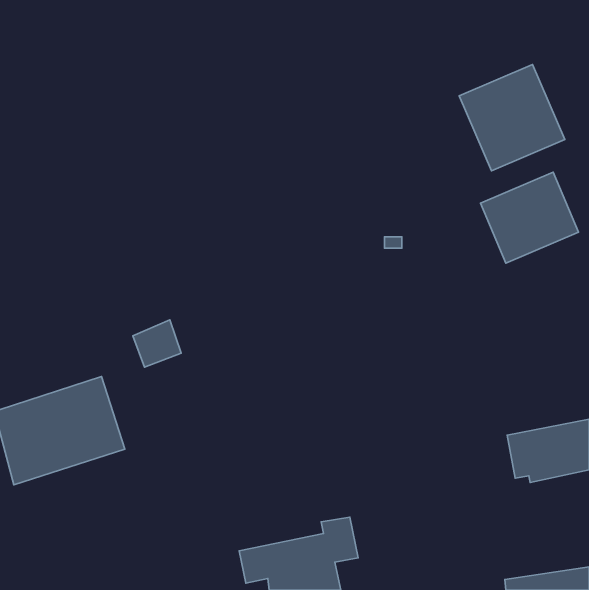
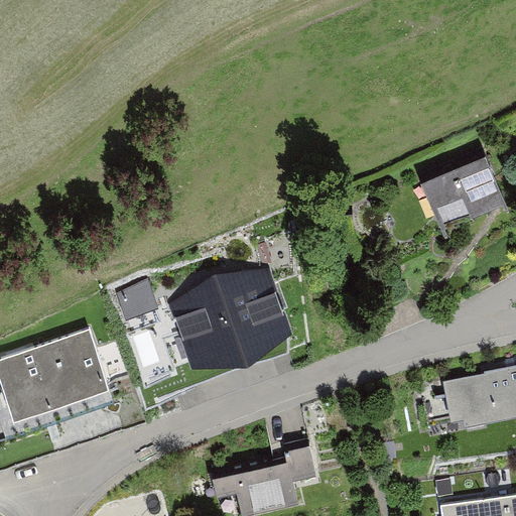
building: [459,65,565,171] -> none
building: none -> [168,270,291,370]

